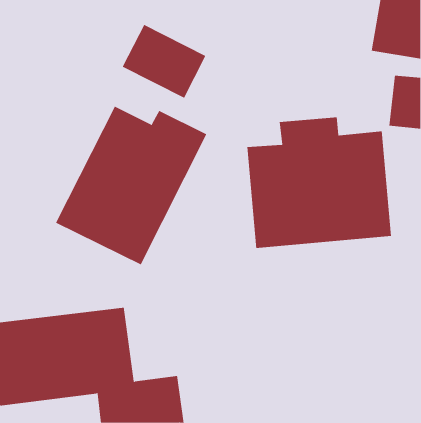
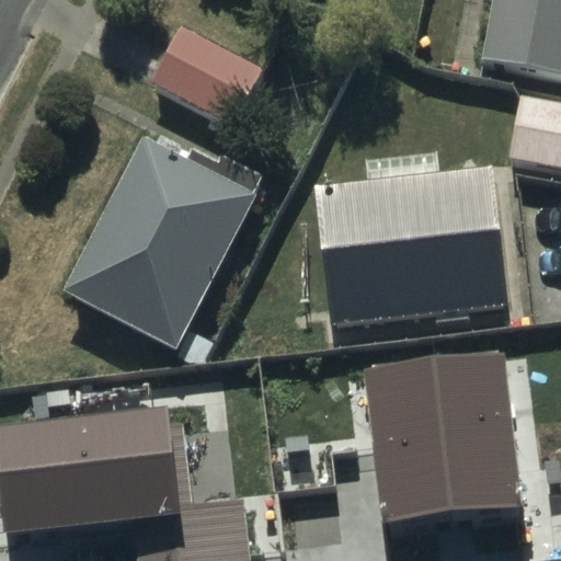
building: none -> [359,352,516,530]

